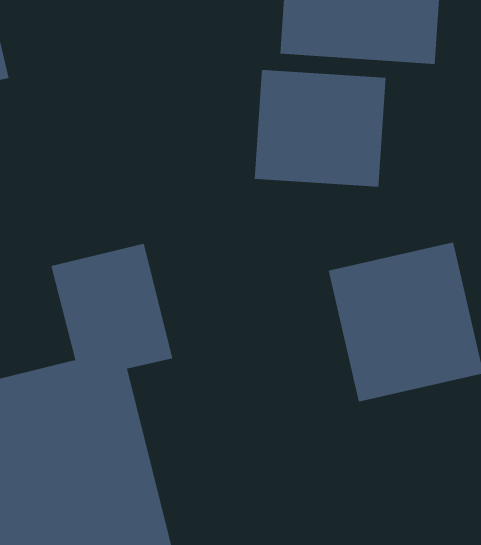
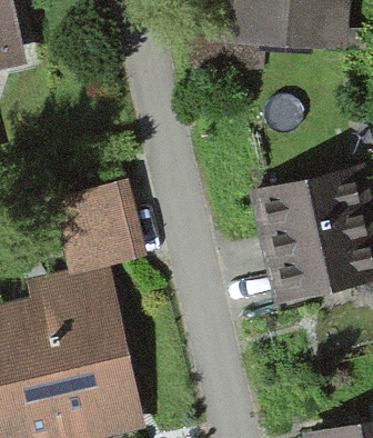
building: [254,69,386,188] -> none

